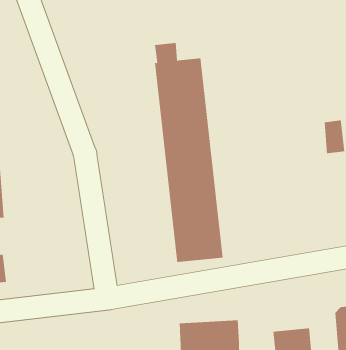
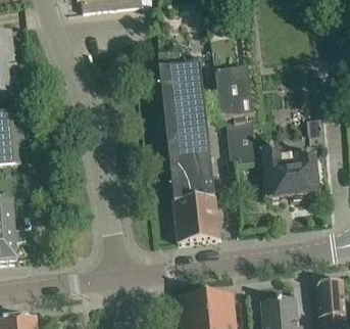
building: none -> [213,71,253,160]
building: none -> [262,145,318,195]

